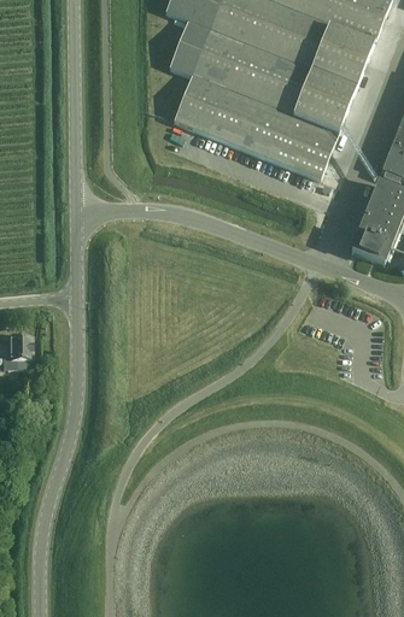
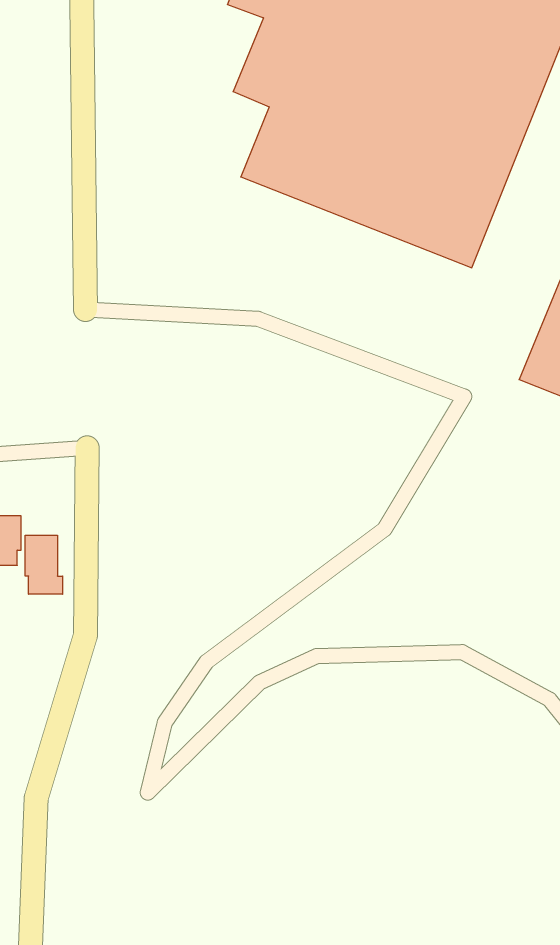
building: none -> [25,535,63,594]

